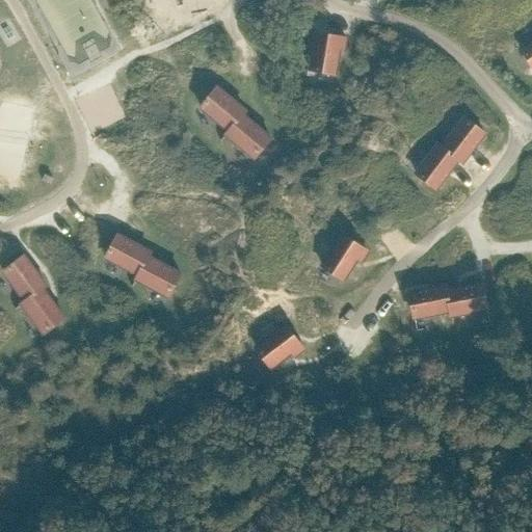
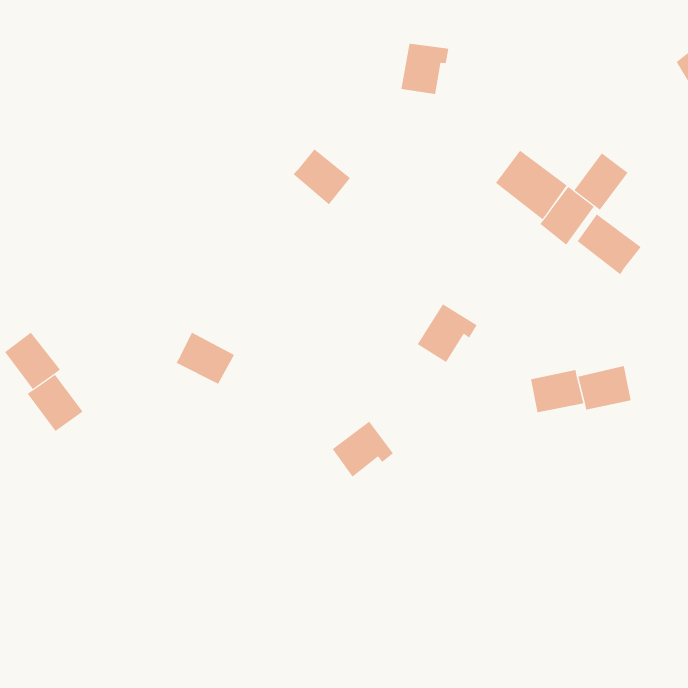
building: [202,87,246,132] -> none
building: none -> [495,150,567,220]
building: none -> [577,214,642,275]
building: [106,235,152,275] -> none

